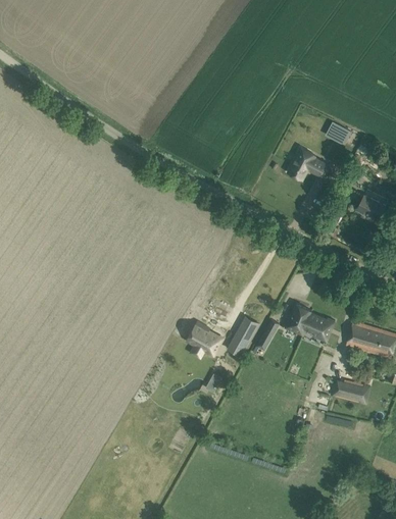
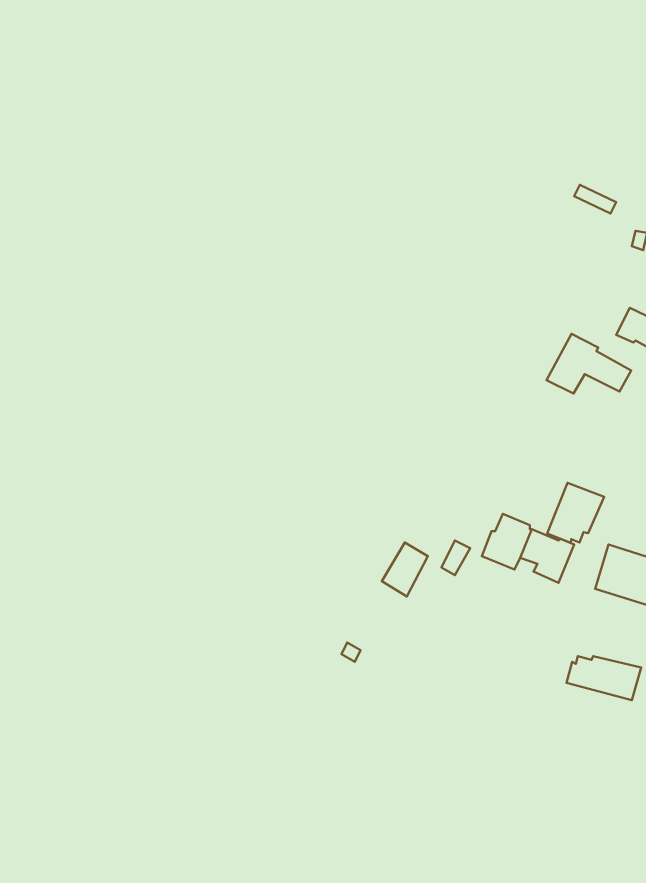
building: [288,148,333,179] -> [546,334,631,394]
building: none -> [547,483,604,543]
building: [188,321,220,354] -> none

